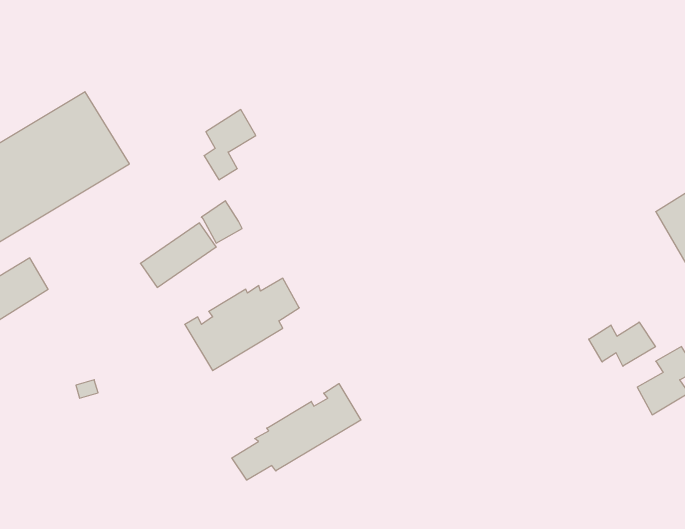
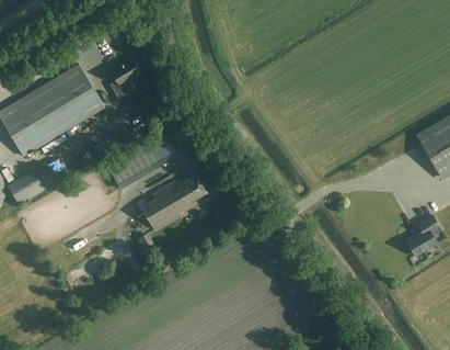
building: [204,110,256,180] -> [109,58,140,100]
building: [589,322,655,366] -> none
building: [232,384,361,480] -> none

